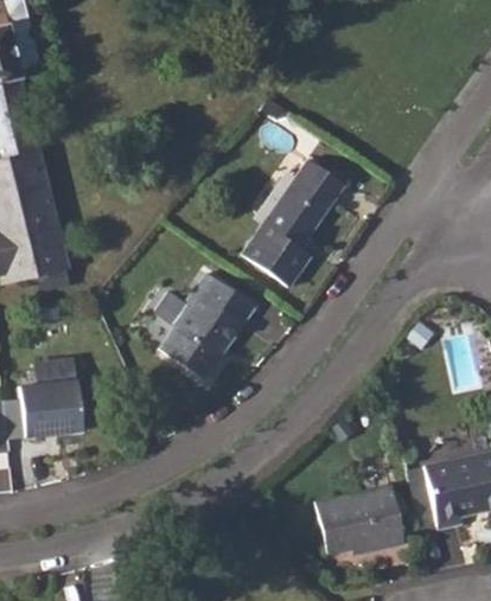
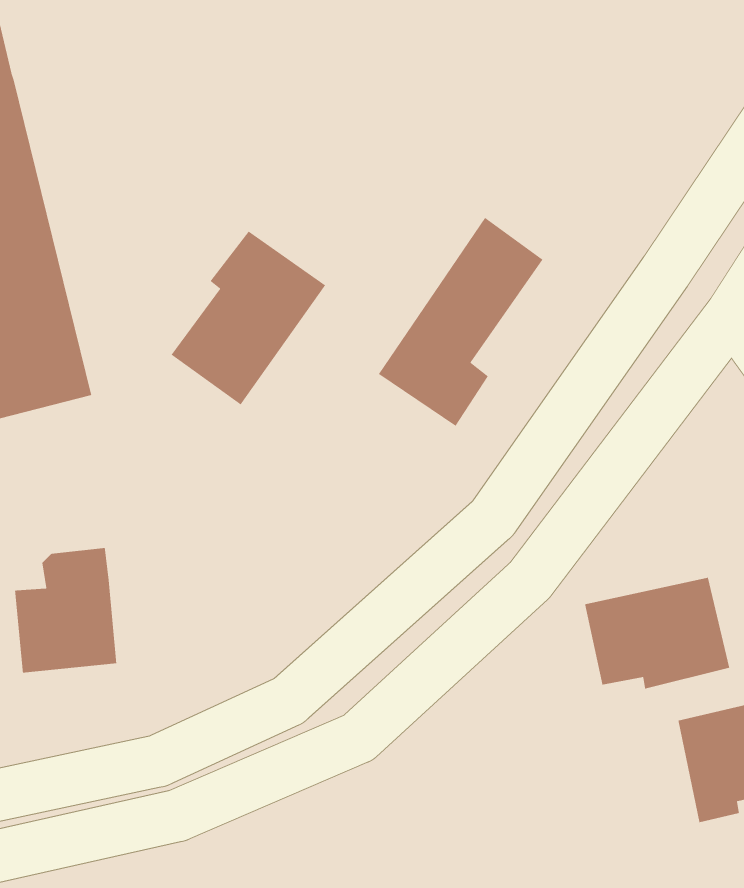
building: [161,273,256,379] -> [171,231,326,406]
building: [317,486,406,555] -> [584,577,730,690]

